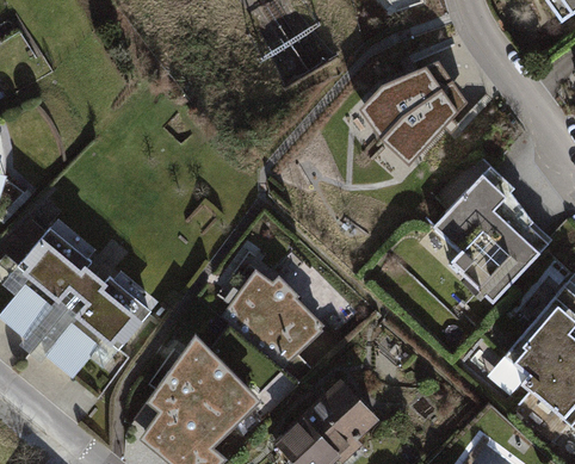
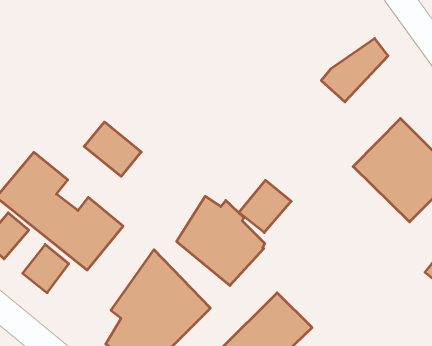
building: [369,60,452,132] -> none
building: none -> [84,122,141,176]
building: none -> [239,180,291,233]

